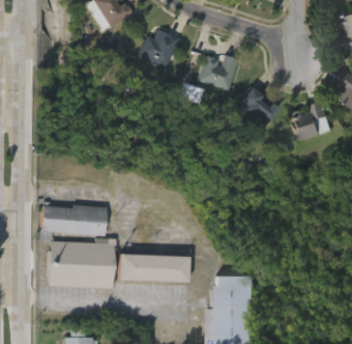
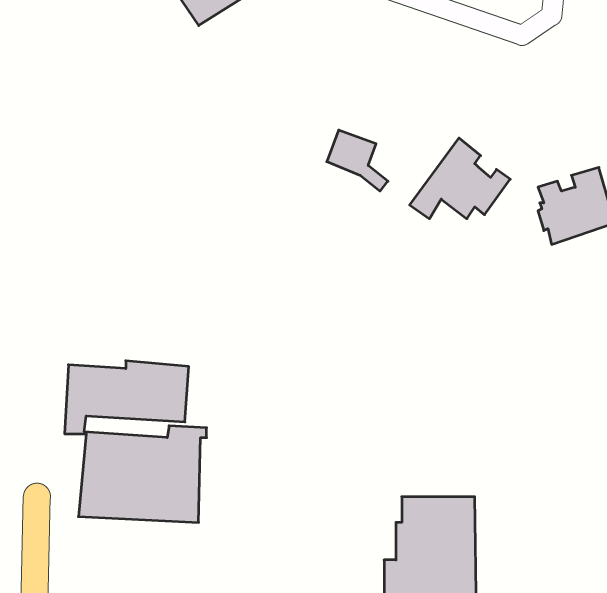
building: [136,29,179,67] -> none
building: [196,55,237,91] -> none
building: [119,252,190,281] -> none

